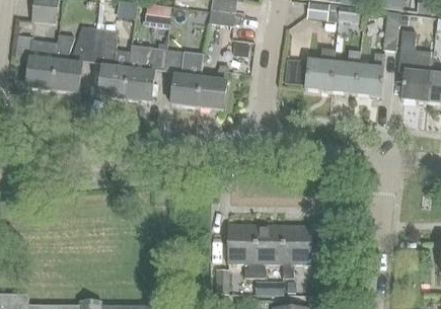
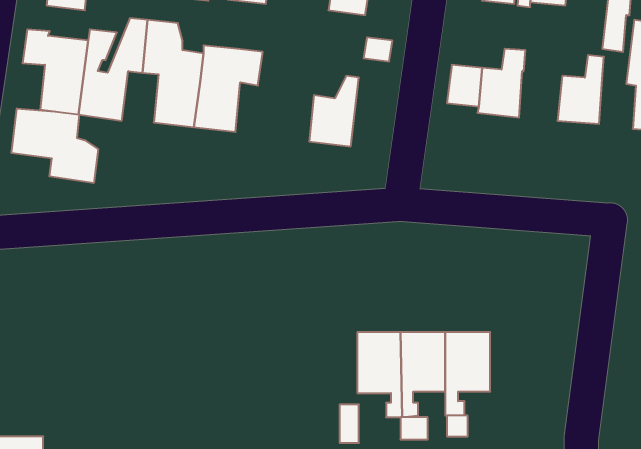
building: [164,50,203,106] -> none
building: [329,50,358,93] -> none
building: none -> [12,108,98,183]

